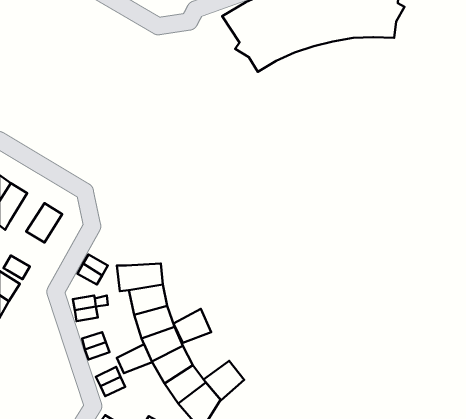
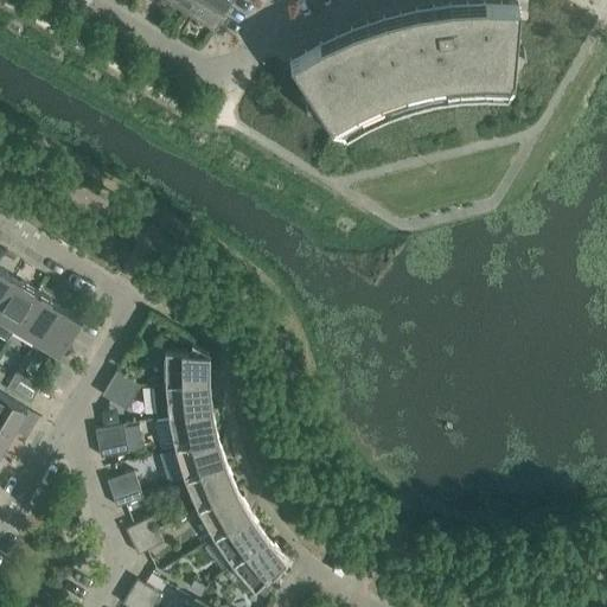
building: none -> [13,294,58,344]
building: none -> [164,345,209,388]
building: [173,309,211,343] -> none
building: [117,344,152,373] -> none
building: [204,361,244,400] -> none

